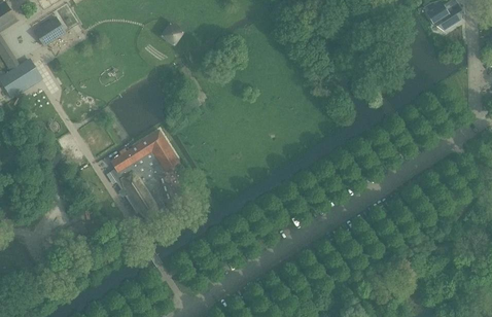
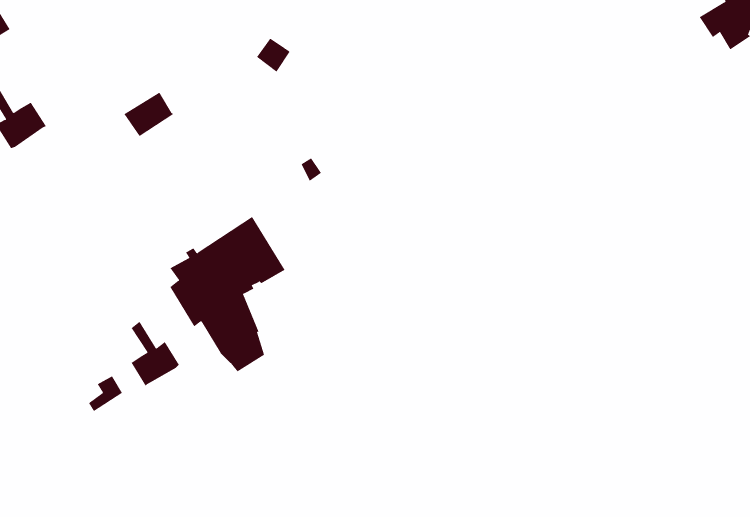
building: [35,19,65,45] -> [124,92,174,137]
building: none -> [131,321,179,386]

